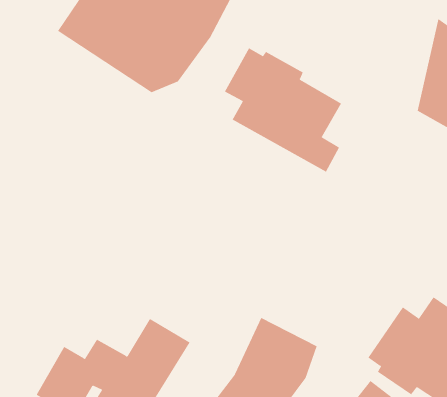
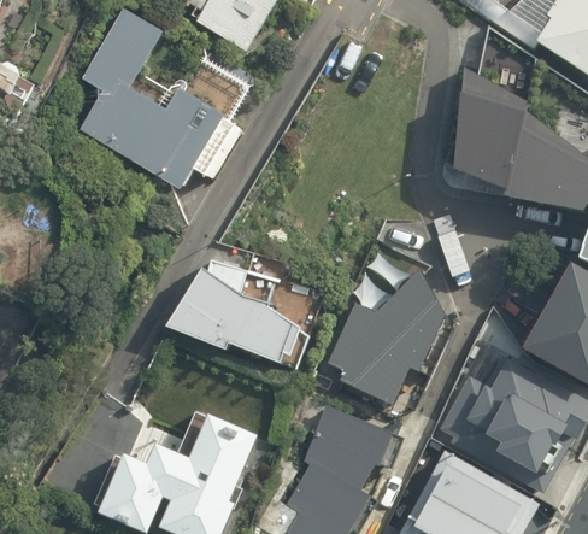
building: [224,47,342,172] -> none
building: none -> [164,257,302,369]
building: none -> [328,272,445,404]

